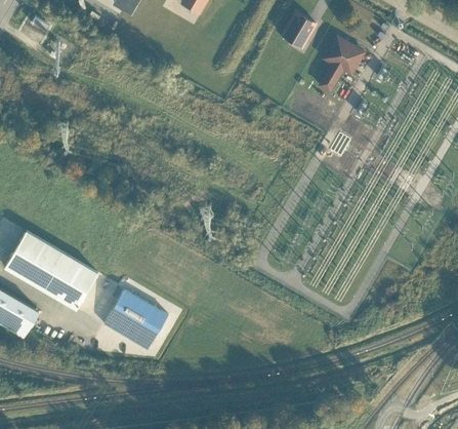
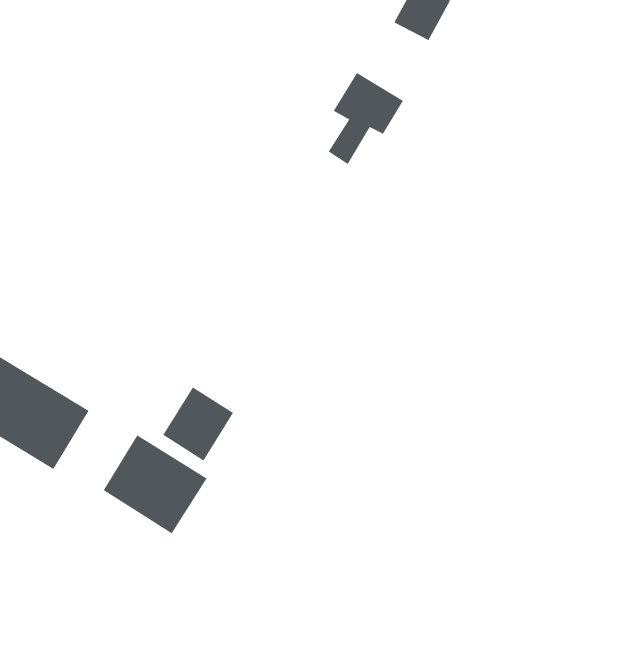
building: [317,35,363,91] -> [328,72,404,165]
building: none -> [162,386,234,462]

